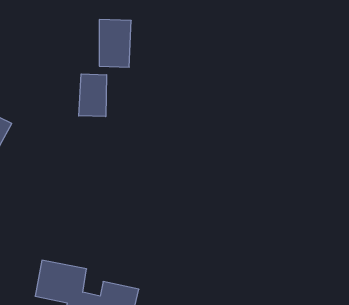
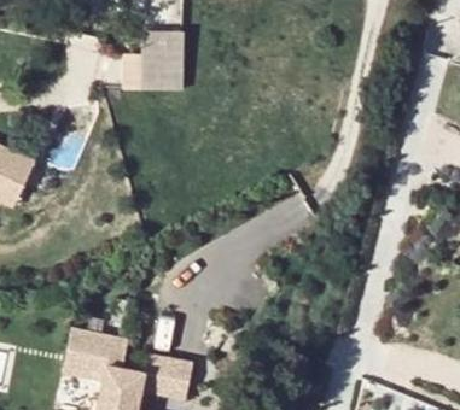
building: [79,74,107,117] -> none

